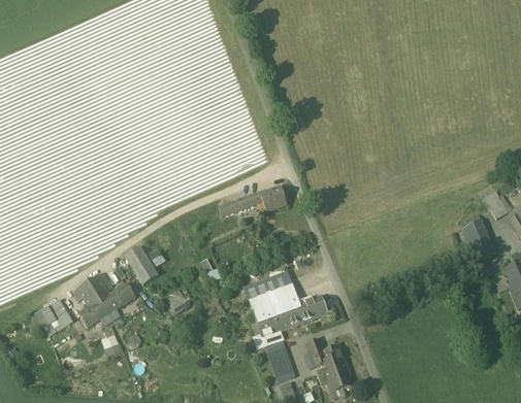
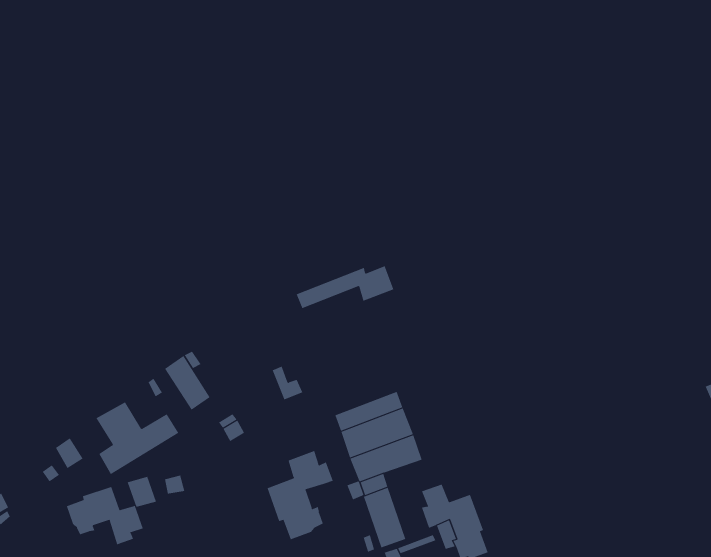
building: [460,221,493,261] -> none
building: [299,295,326,320] -> none
building: none -> [267,450,334,540]
building: none -> [66,486,143,545]

